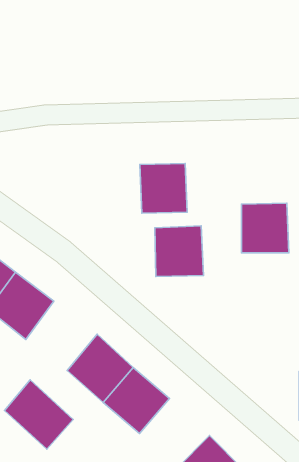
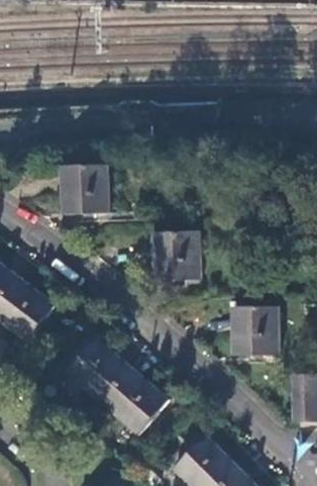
building: [140,163,187,213] -> [62,165,108,213]
building: [241,203,289,253] -> [233,306,280,355]
building: [5,380,73,449] -> none

